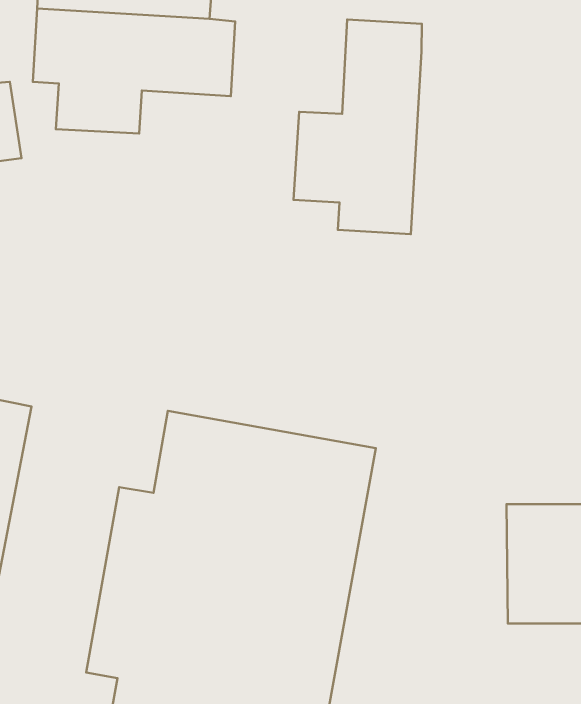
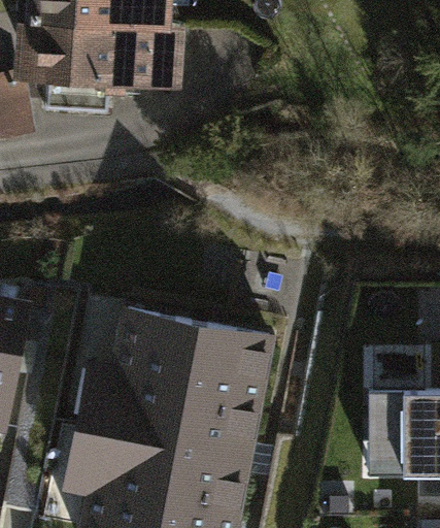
building: [293,19,422,234] -> none

